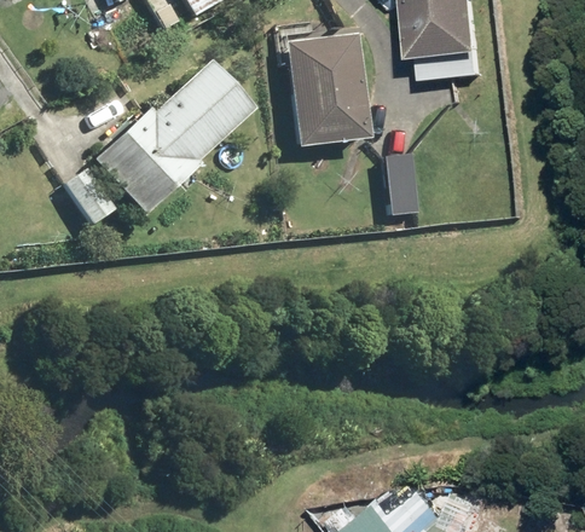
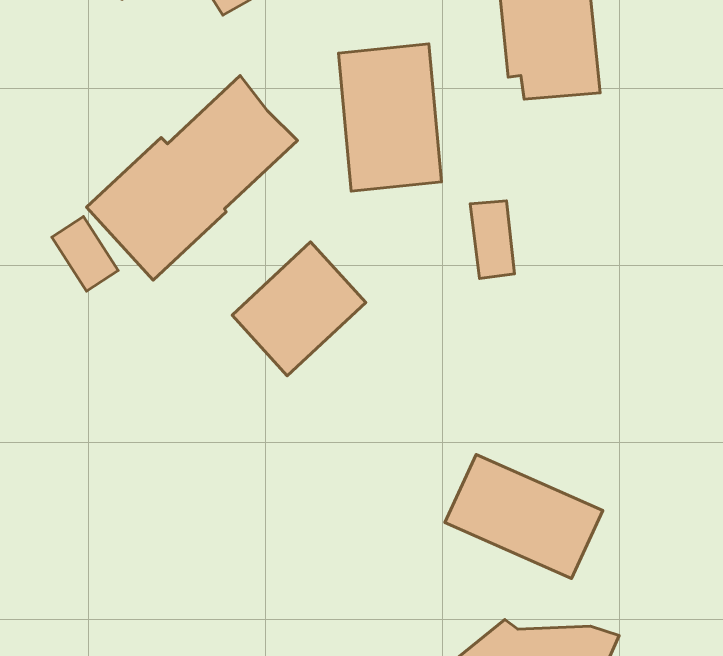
building: none -> [232,242,366,376]
building: none -> [445,455,603,578]

